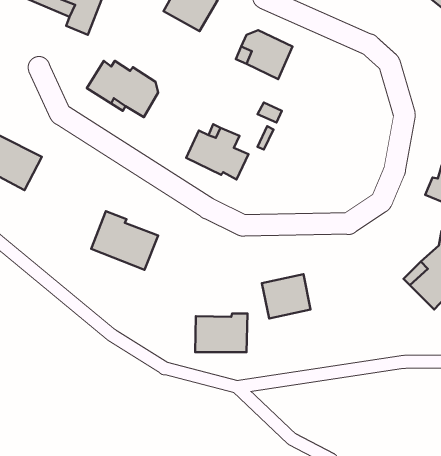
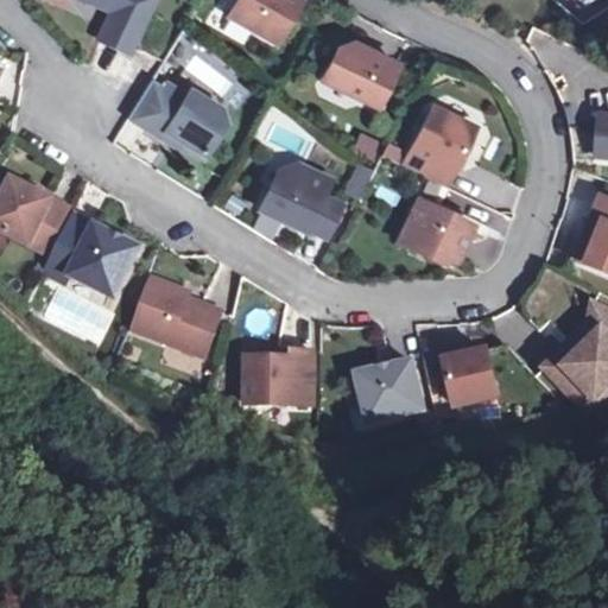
building: none -> [404,106,474,184]
building: none -> [399,200,473,261]
building: none -> [45,214,141,296]
building: none -> [446,349,499,405]
building: [195,313,247,352] -> [246,352,315,403]

